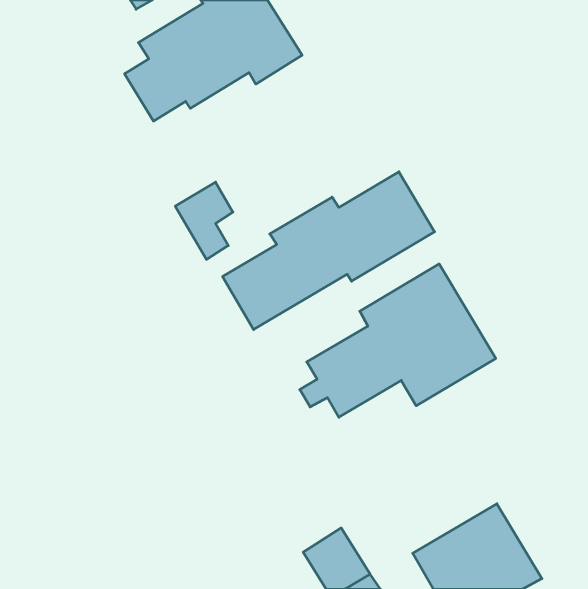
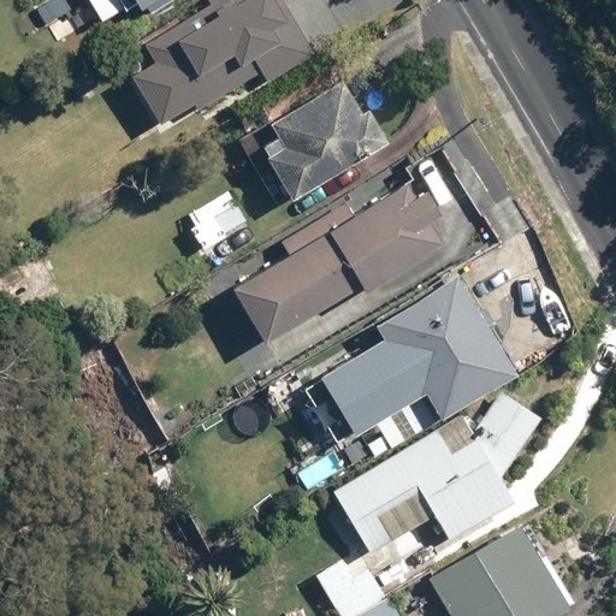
building: none -> [239,83,389,202]
building: none -> [334,393,539,553]

